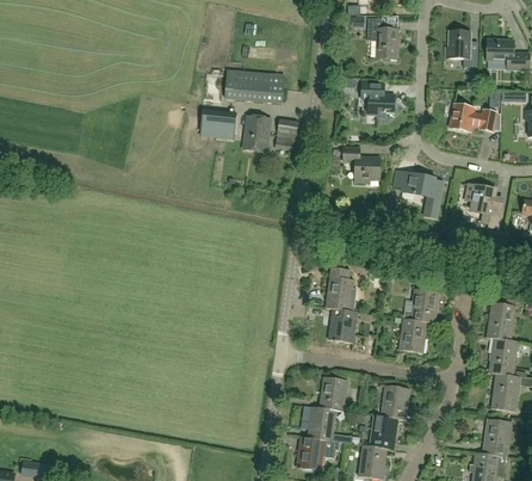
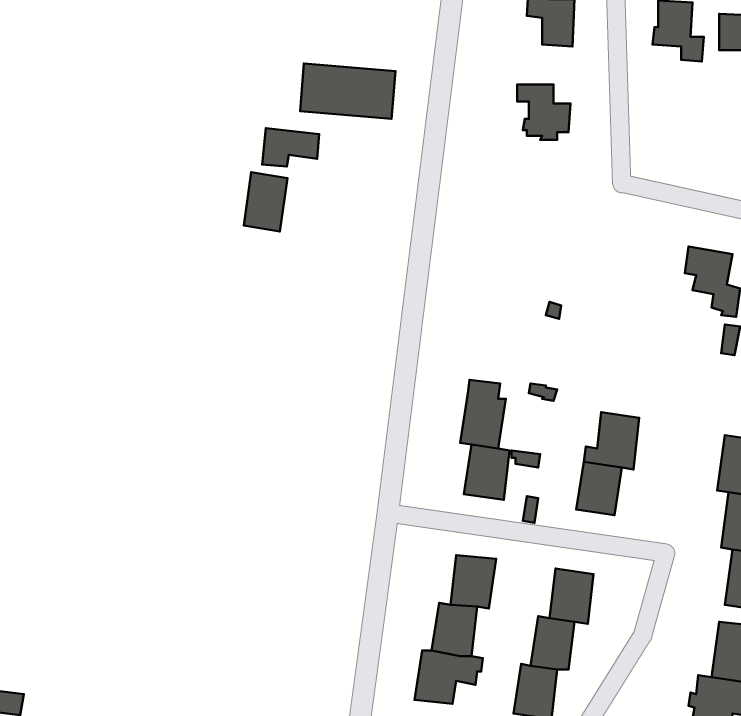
building: [450,104,496,131] -> none
building: [243,115,271,152] -> [244,172,288,231]
building: [276,119,298,150] -> none
building: [344,148,381,181] -> none
building: [402,172,444,218] -> none

